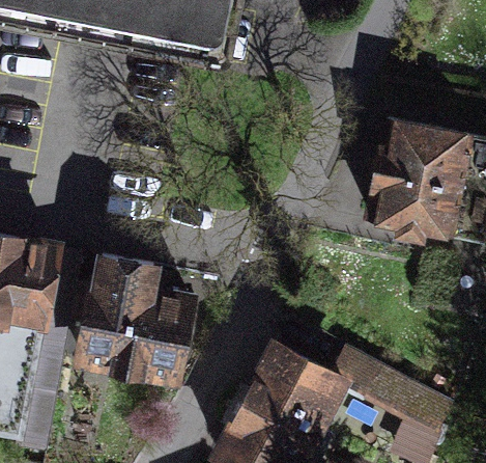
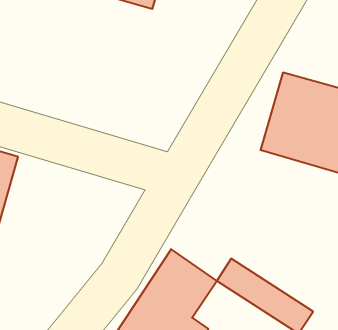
building: [72,251,187,372] -> none

